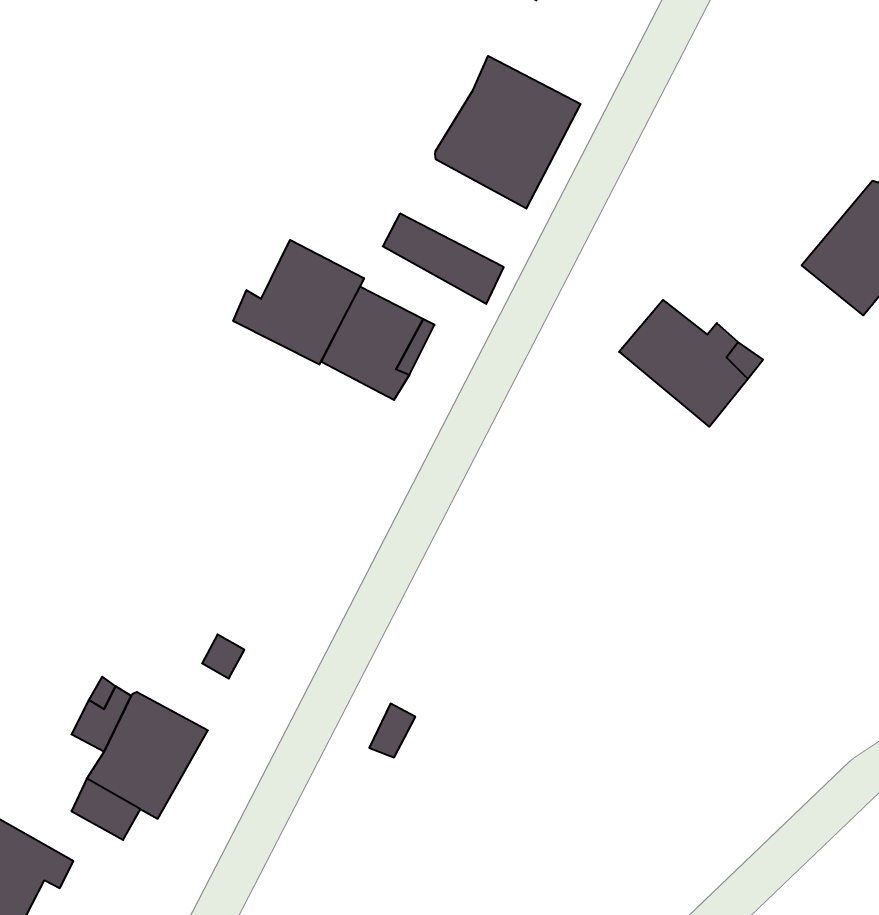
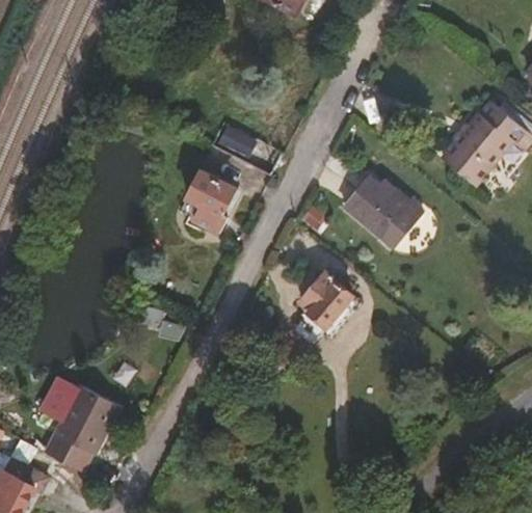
building: [435,56,581,209] -> none
building: [233,240,364,365] -> none
building: none -> [302,272,352,325]

